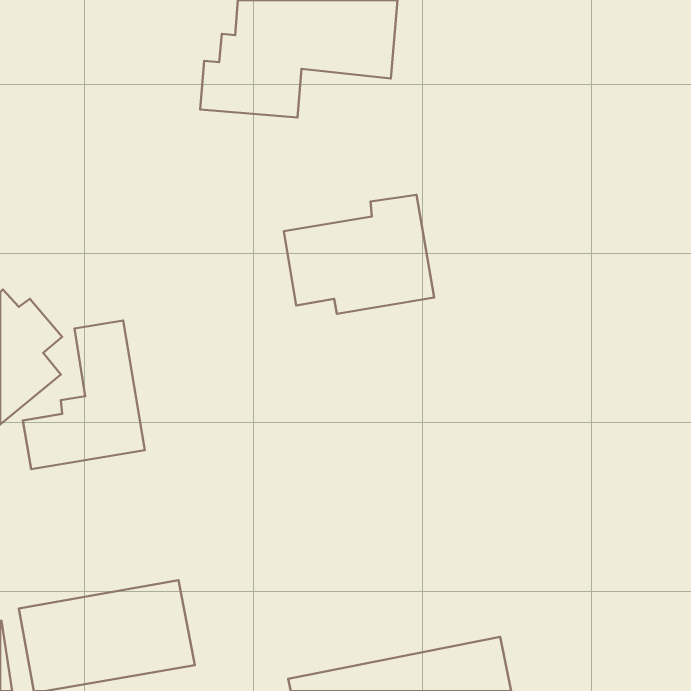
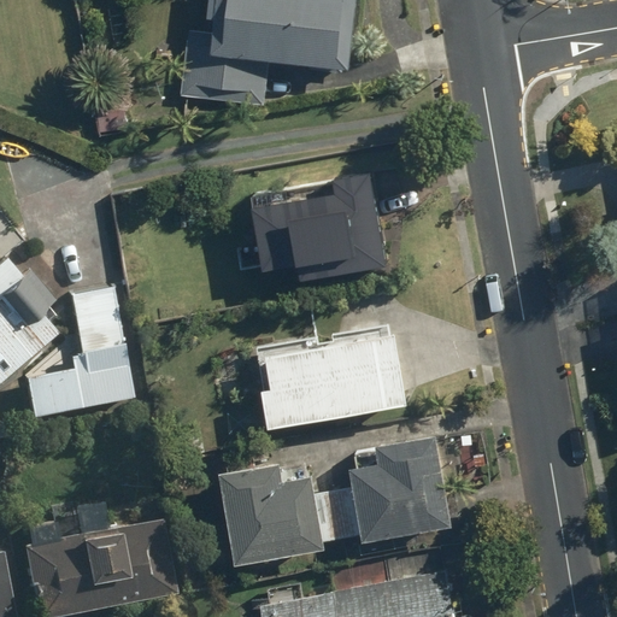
building: none -> [259,336,407,428]
building: none -> [217,433,452,565]

